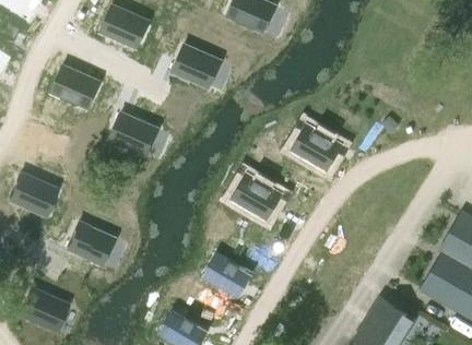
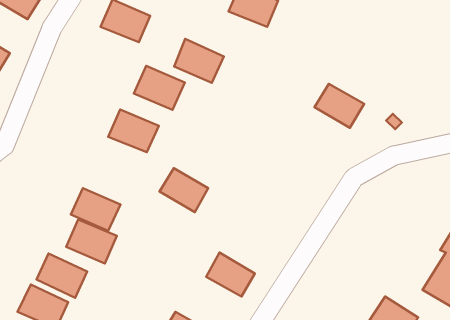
building: [50,64,101,108] -> [134,66,185,110]
building: [293,129,342,172] -> [314,84,364,128]
building: [9,172,58,215] -> [71,188,120,231]
building: [233,179,281,223] -> [159,168,208,212]
building: none -> [36,253,87,298]

